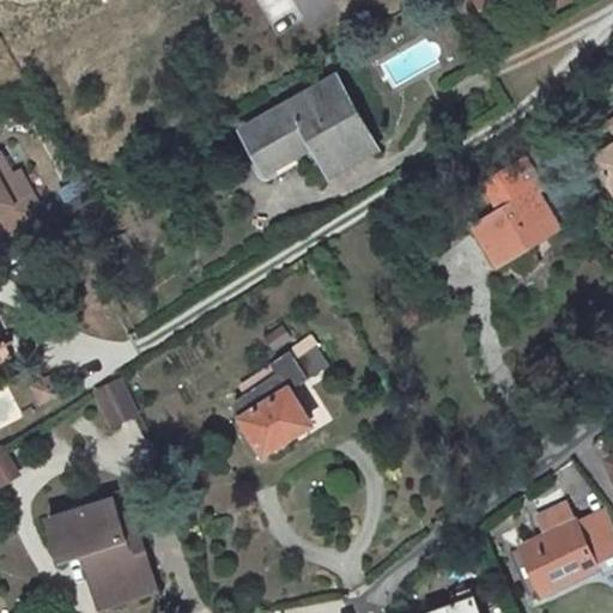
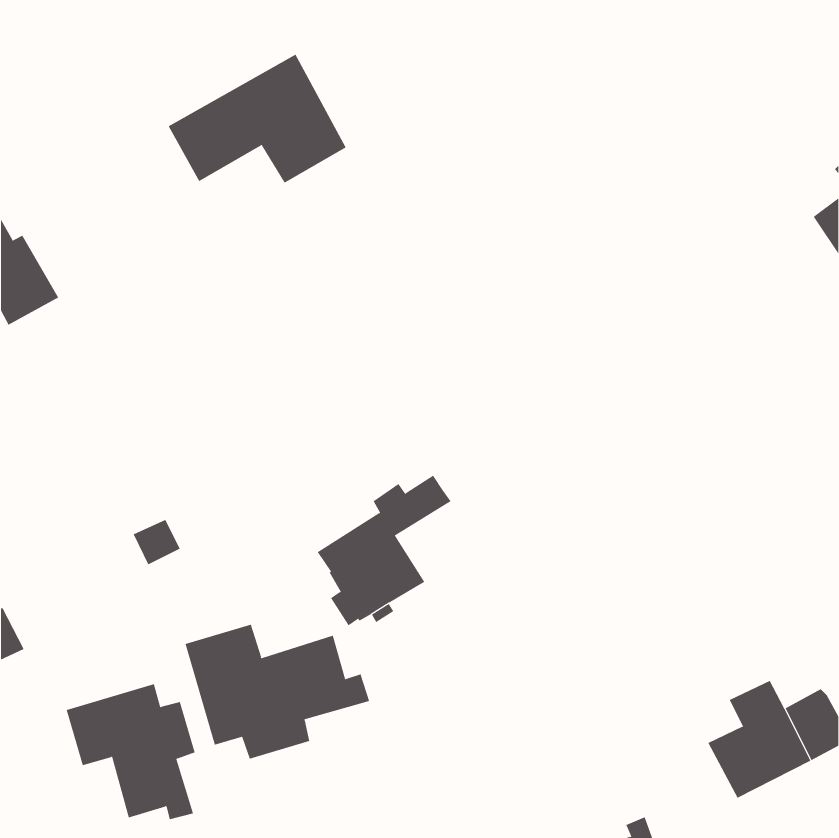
building: [243,80,374,175] -> [168,54,347,184]
building: [473,159,557,266] -> none
building: none -> [185,624,370,760]

